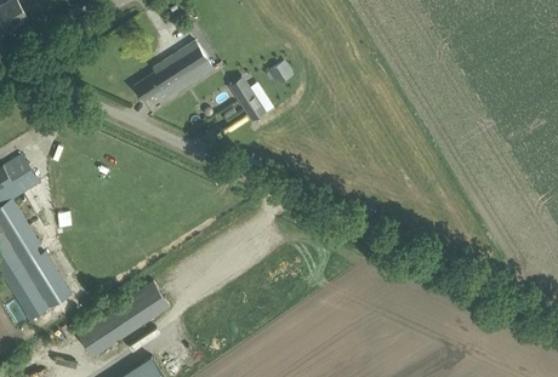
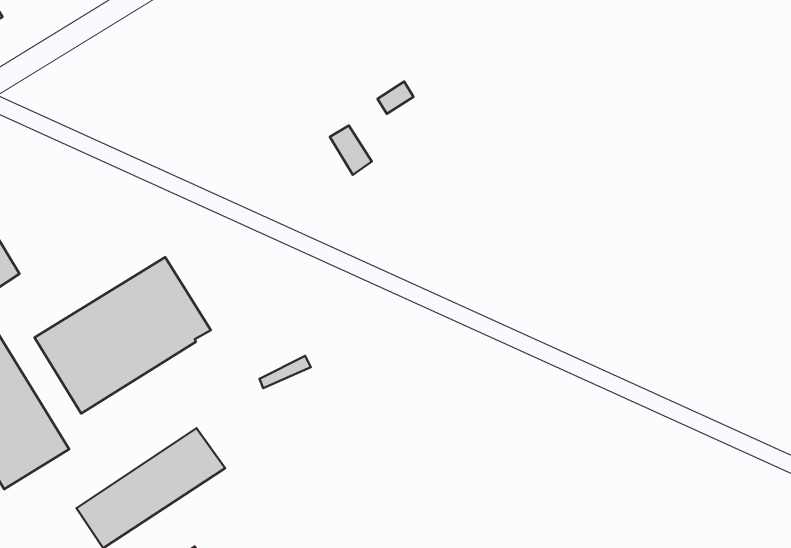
building: [133,41,212,101] -> none
building: none -> [35,257,211,414]

